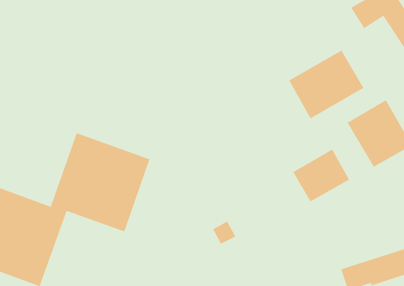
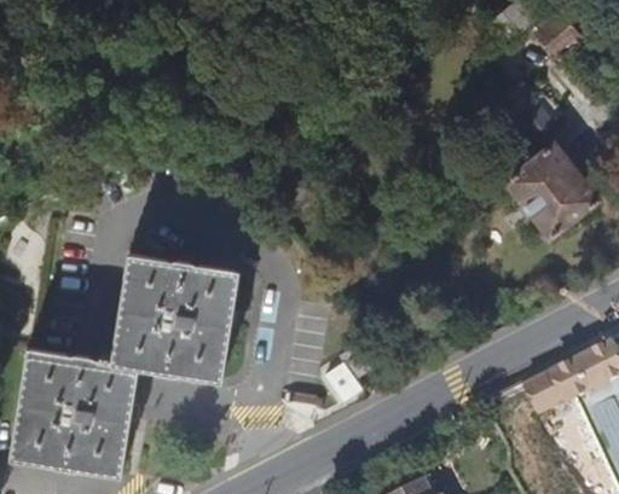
building: [288,50,365,120] -> none
building: [292,148,350,202] -> none

